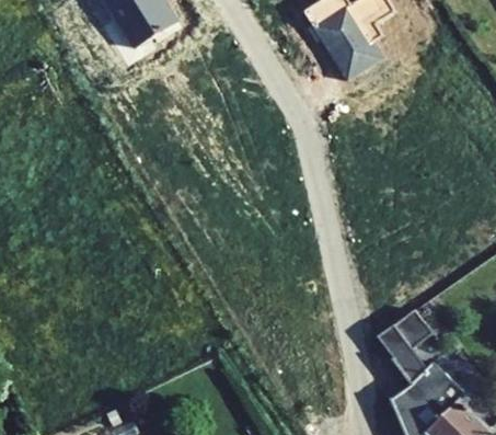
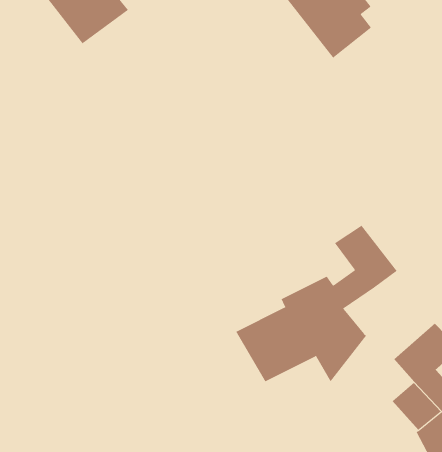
building: none -> [235,225,397,382]

